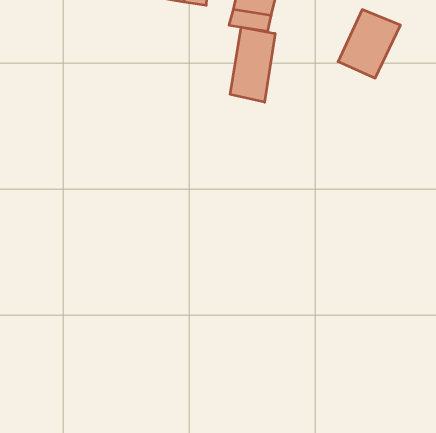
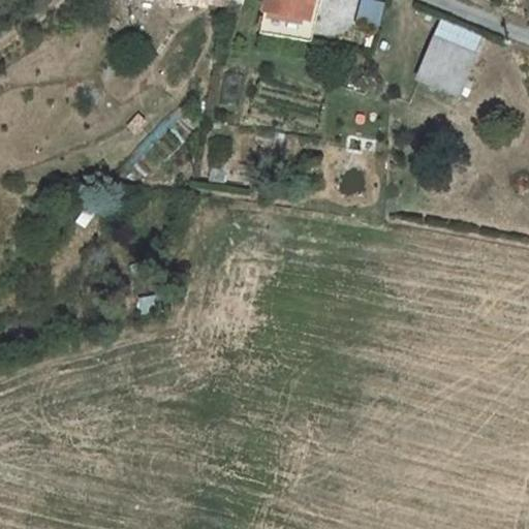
building: [230,27,275,102] -> none

